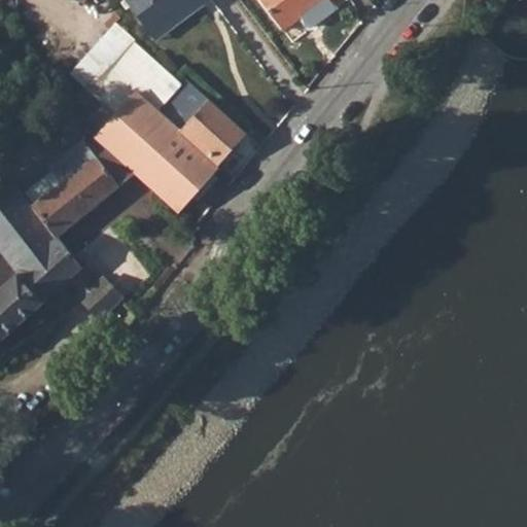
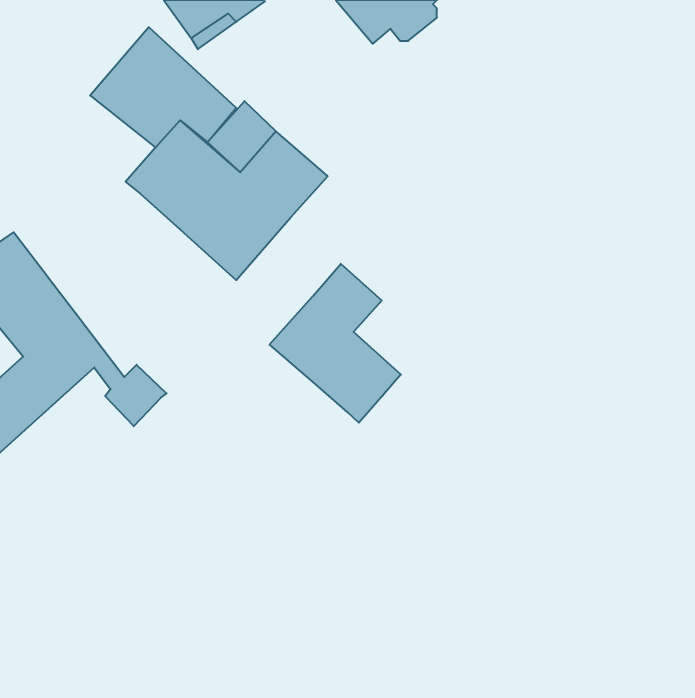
building: [33,137,136,236] -> none
building: none -> [270,264,401,423]

